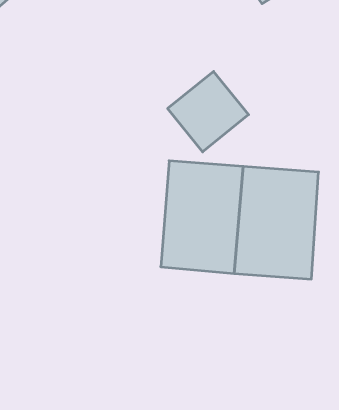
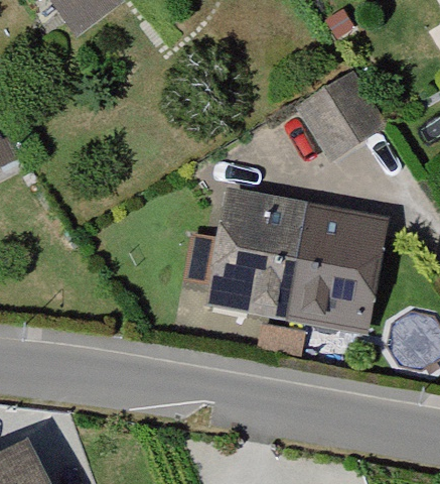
building: [168,71,249,152] -> [304,75,389,158]

